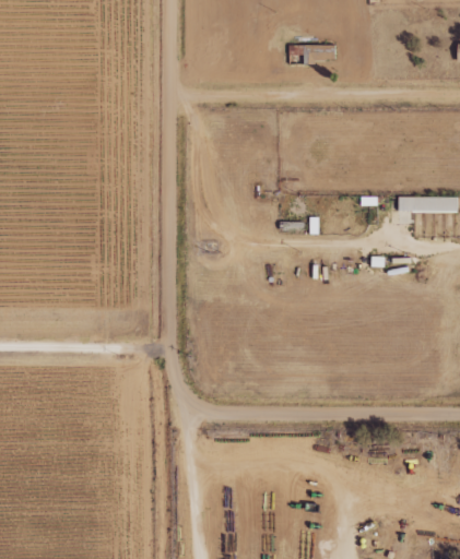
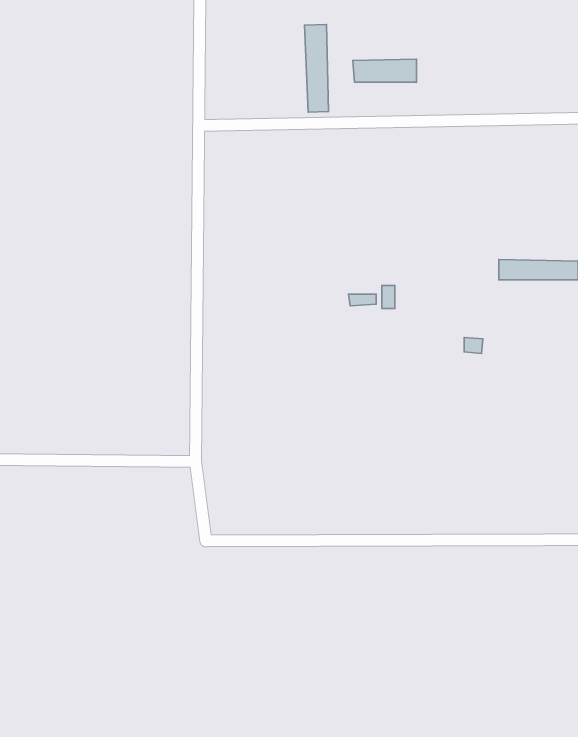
building: none -> [305,25,329,112]

